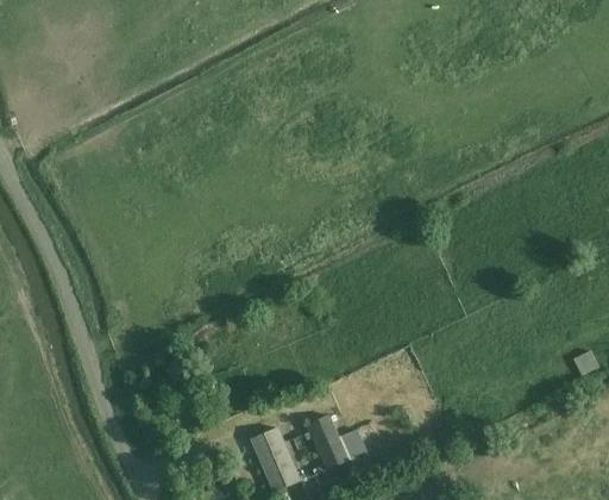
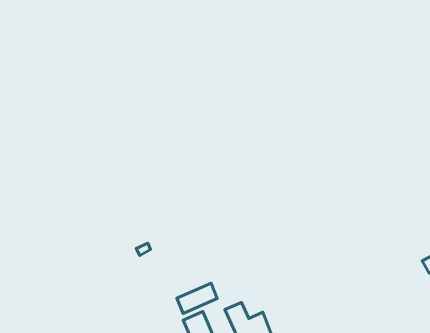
building: none -> [177,283,217,313]

